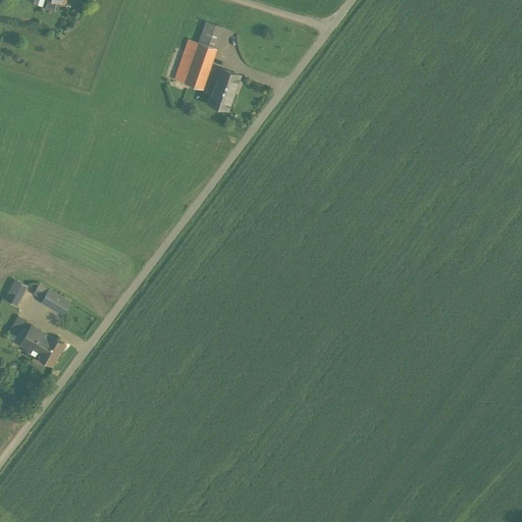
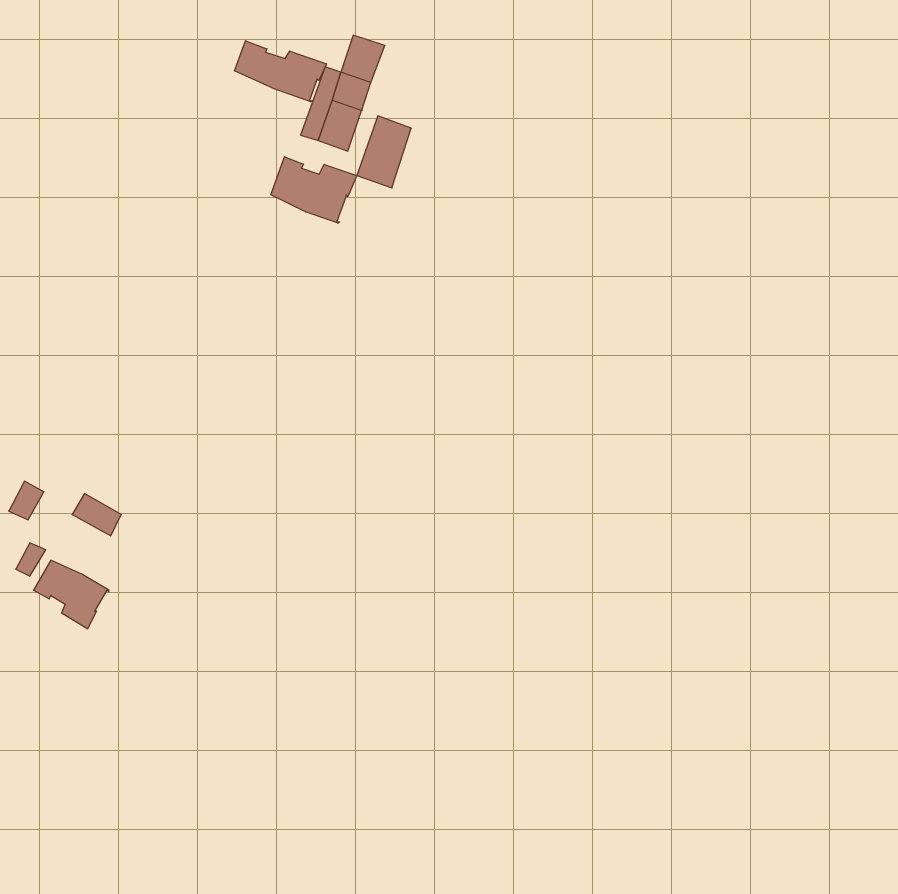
building: none -> [235,41,326,102]
building: none -> [271,157,357,223]

